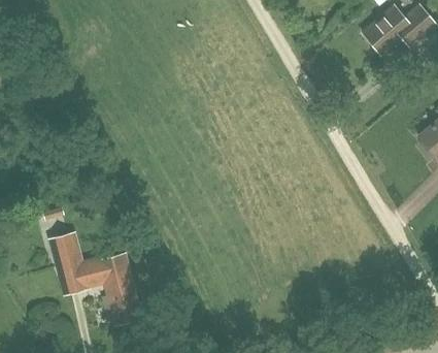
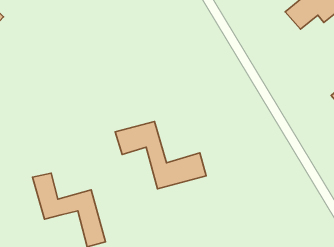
building: none -> [115,121,206,189]

